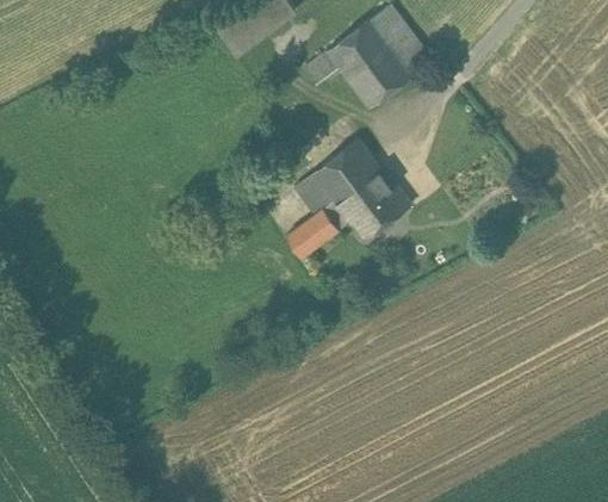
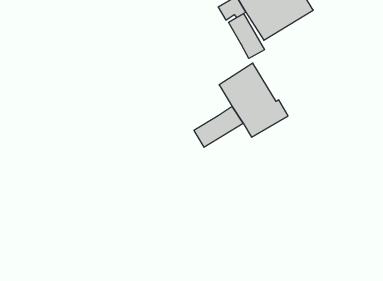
building: none -> [229,13,265,58]
building: [294,173,334,215] -> none

